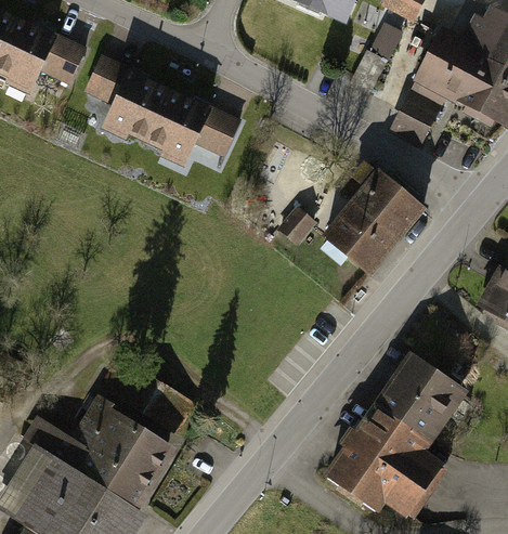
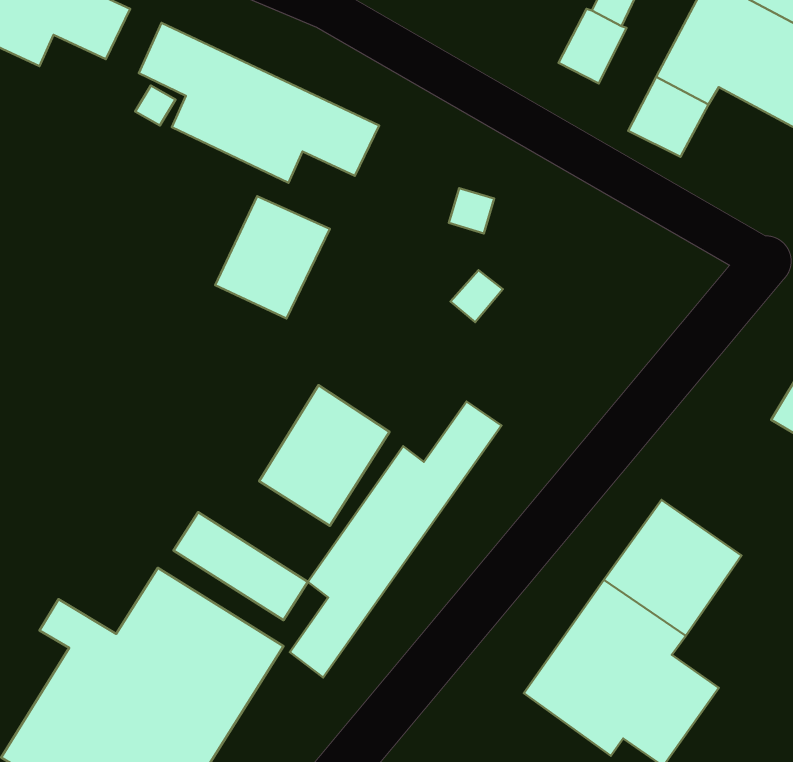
building: [324,161,421,272] -> none
building: none -> [215,196,330,319]
building: none -> [259,385,390,526]
building: none -> [290,402,502,678]

